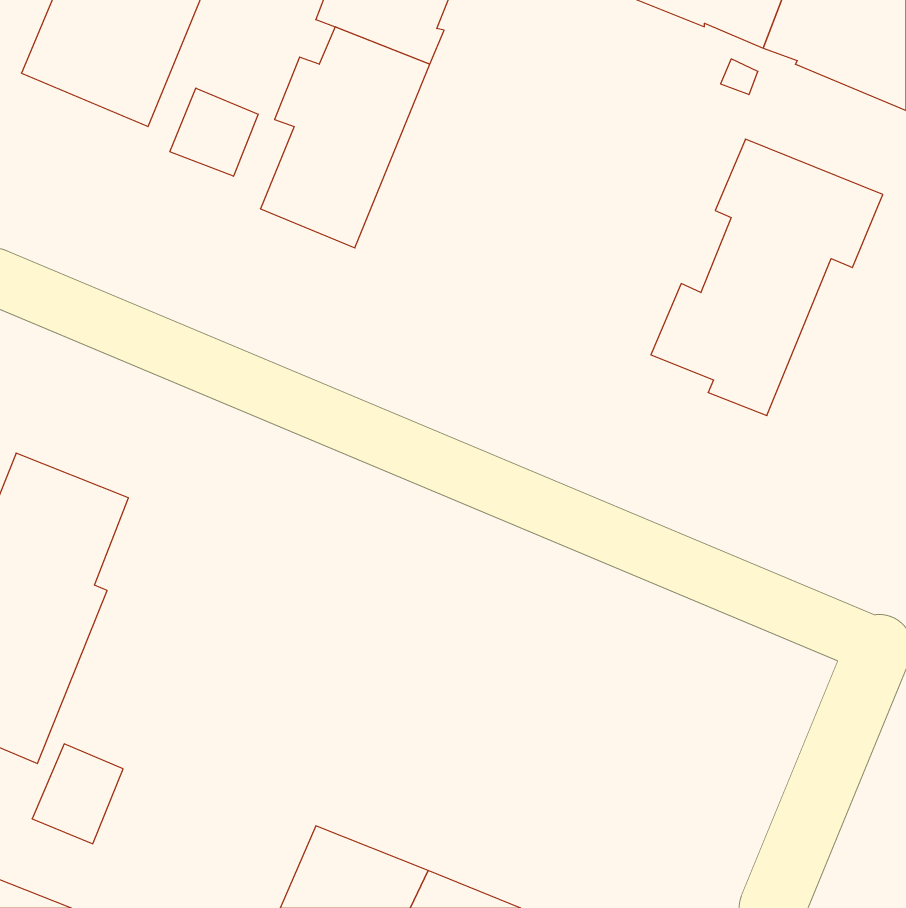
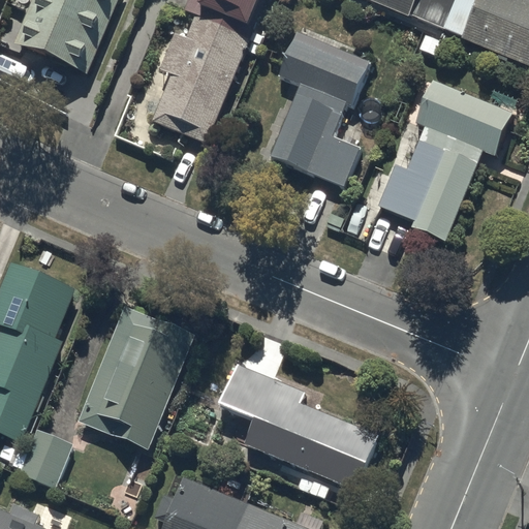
building: none -> [270,32,368,186]
building: [170,88,258,176] -> none
building: none -> [79,307,193,448]
building: none -> [221,365,378,489]

